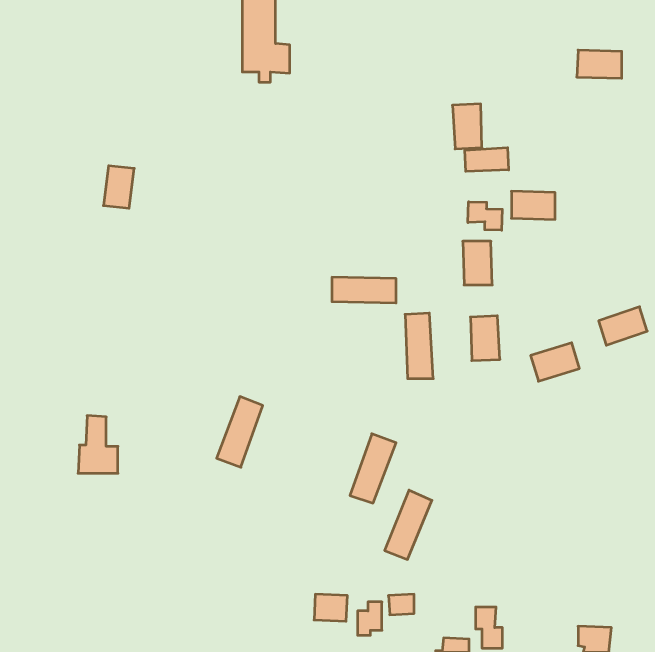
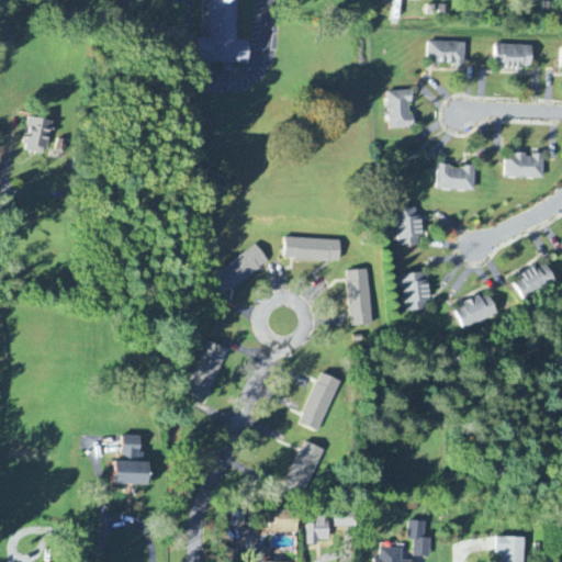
building: none -> [427,40,464,64]
building: [465,148,509,171] -> none
building: [103,166,134,208] -> [24,115,50,151]
building: none -> [506,153,544,176]
building: [468,202,502,230] -> none
building: none -> [211,244,269,291]
building: [78,416,118,473] -> [114,434,148,483]
building: [385,490,432,559] -> [282,439,323,498]

